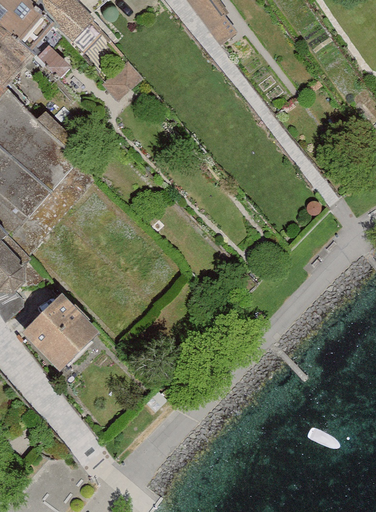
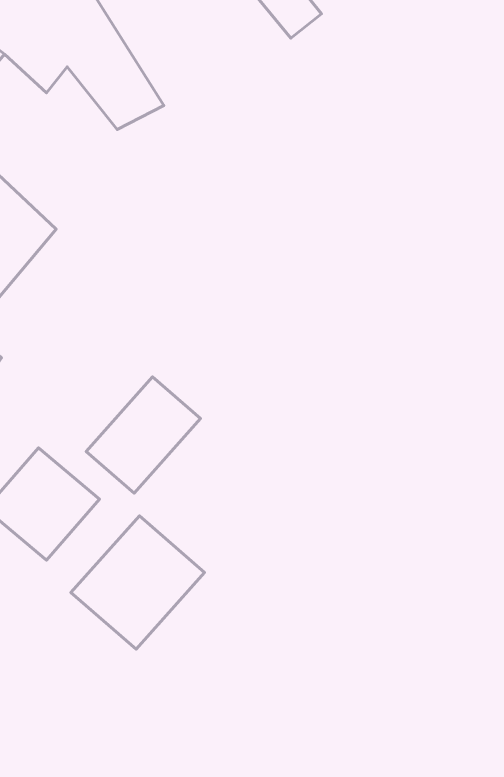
building: none -> [86,377,200,493]
building: none -> [71,516,205,649]

